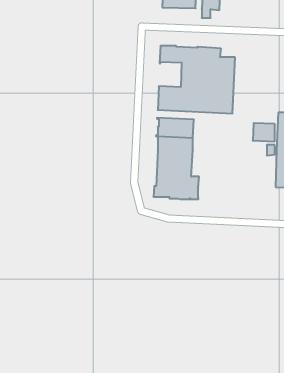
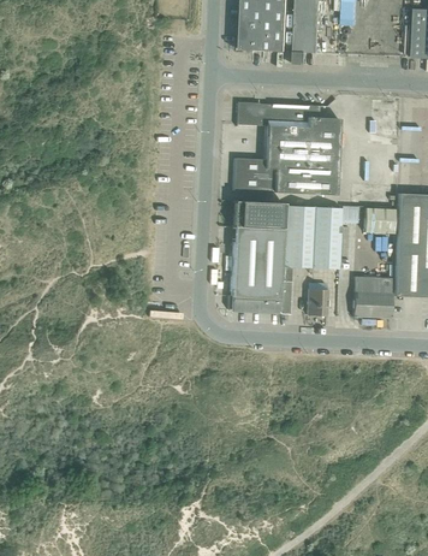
building: none -> [283,205,341,280]
building: none -> [352,276,392,317]
building: none -> [307,282,327,314]

